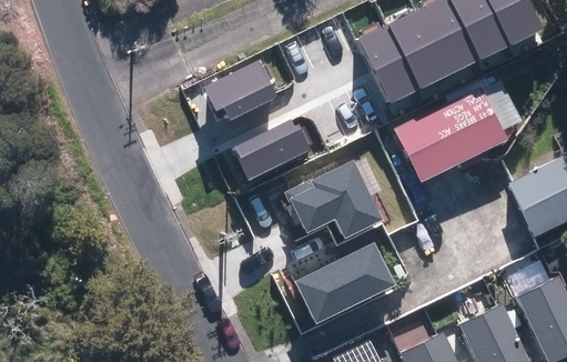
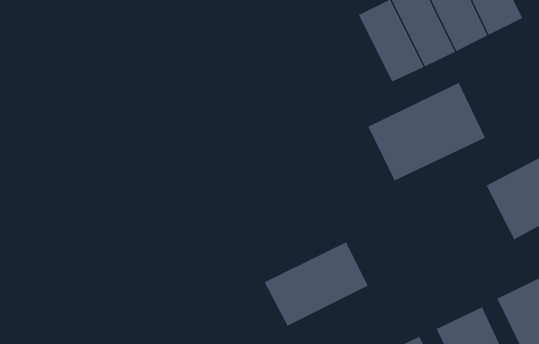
building: [355,24,417,103] -> none
building: [203,59,279,120] -> none
building: [230,118,312,181] -> none
building: [284,158,384,237] -> none

